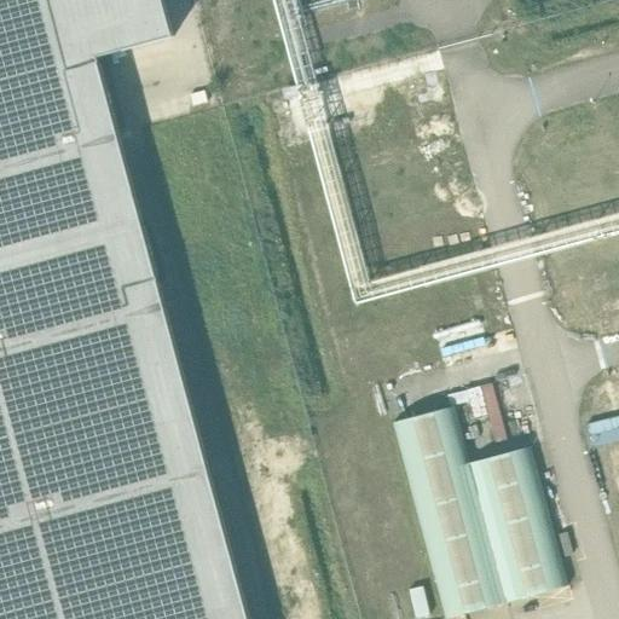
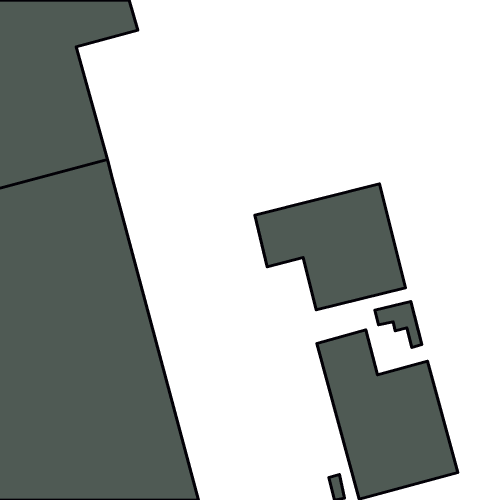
building: none -> [255,184,406,310]

